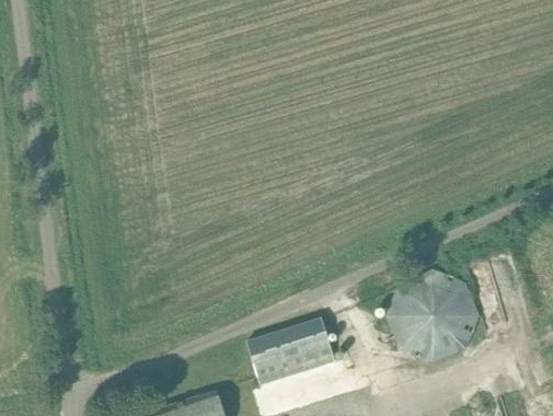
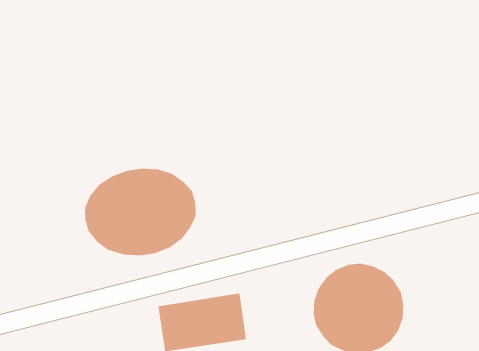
building: none -> [84,168,196,256]

